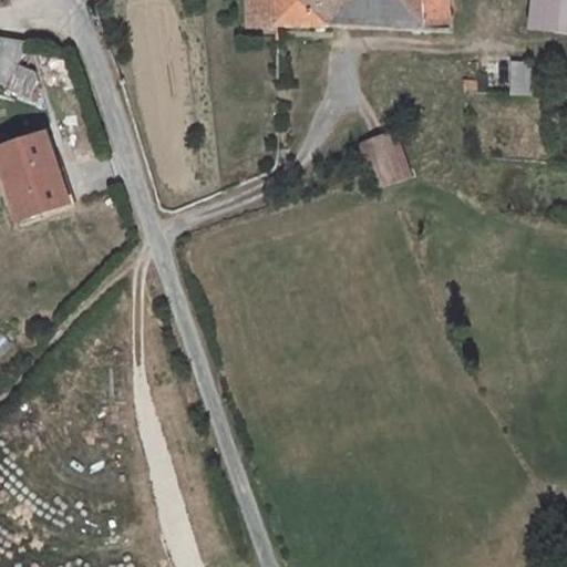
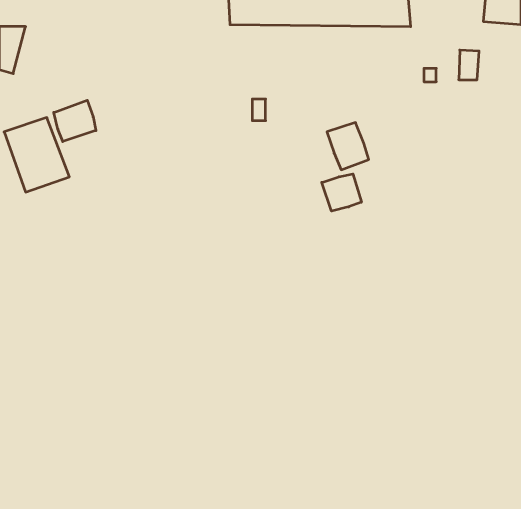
building: none -> [54,100,96,142]
building: none -> [322,174,361,211]

